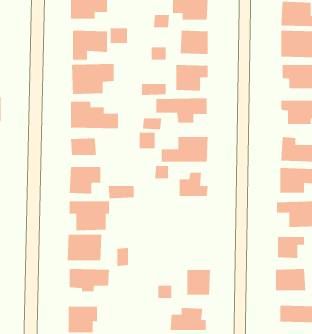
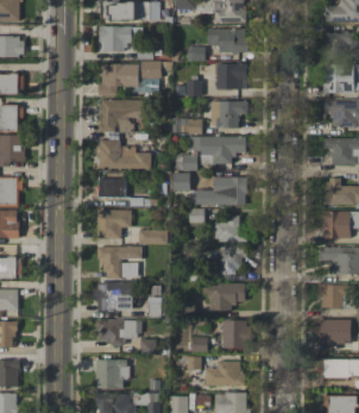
building: none -> [220,246,241,275]
building: none -> [207,282,245,311]

